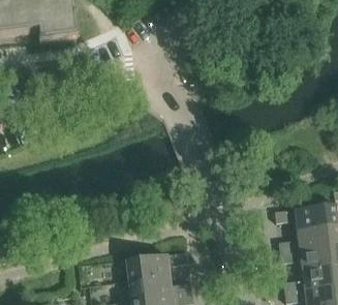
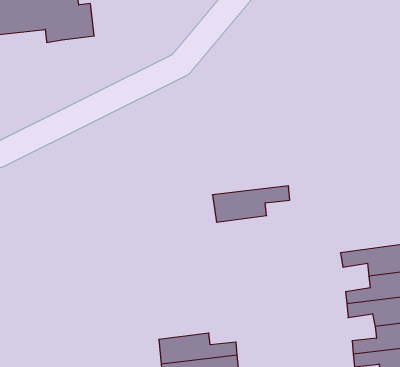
building: [126,251,188,280] -> [212,186,290,222]

